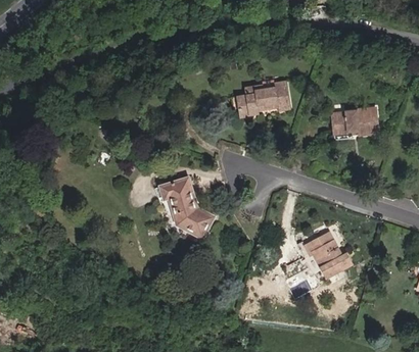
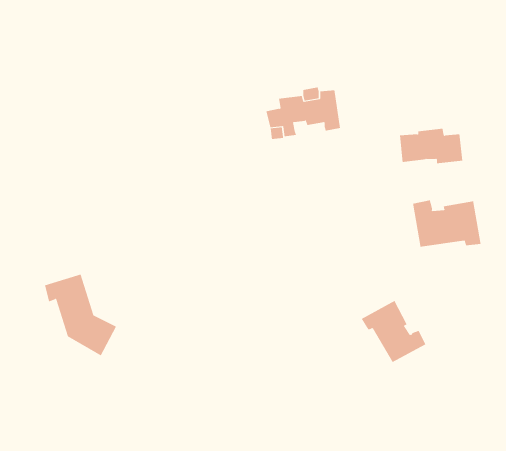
building: none -> [413,200,481,247]
building: [160,178,213,237] -> [44,274,117,356]

